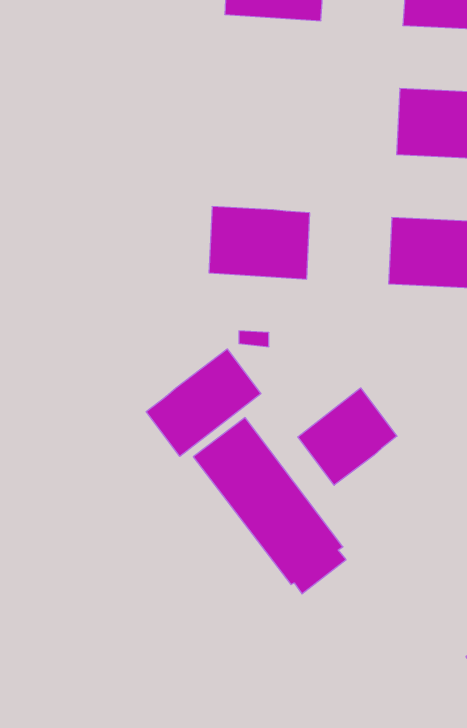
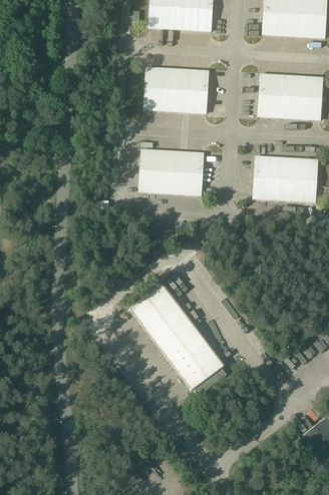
building: none -> [143,67,208,113]
building: [146,349,261,456] -> none
building: [298,388,397,485] -> none

